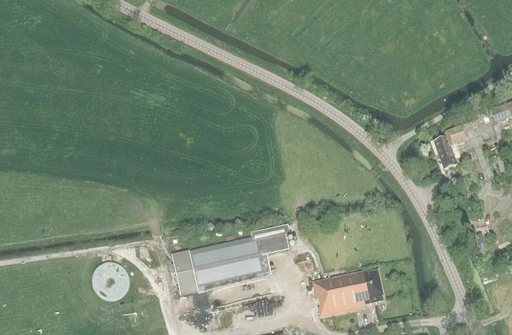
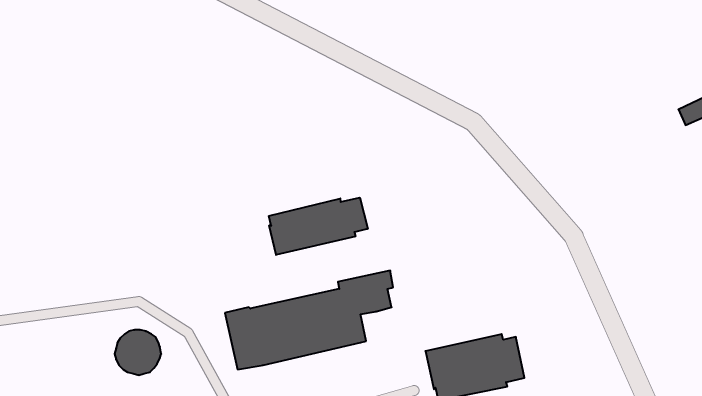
building: [433,126,466,169] -> none
building: none -> [269,198,368,255]

